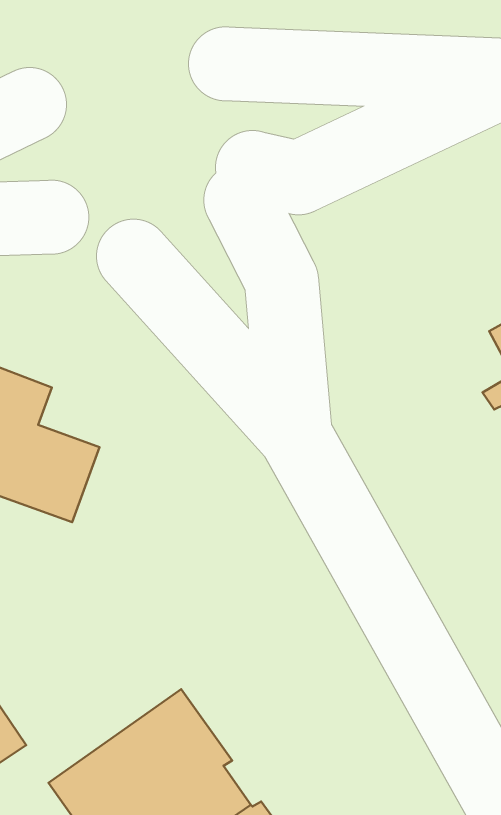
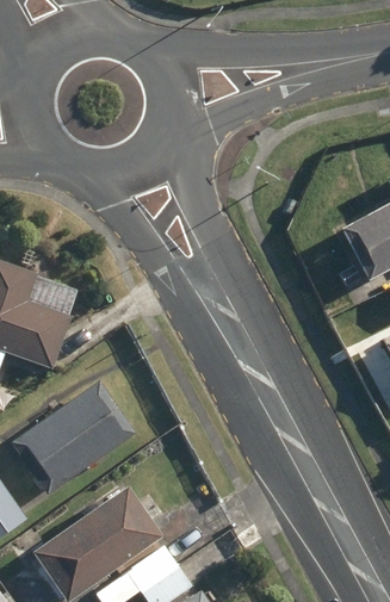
building: none -> [11,380,136,494]

